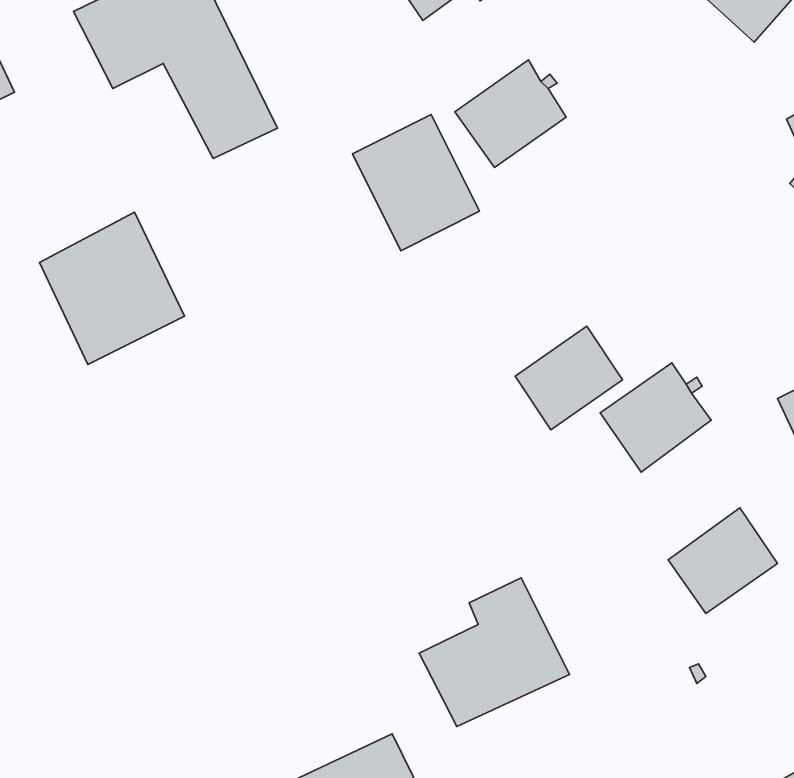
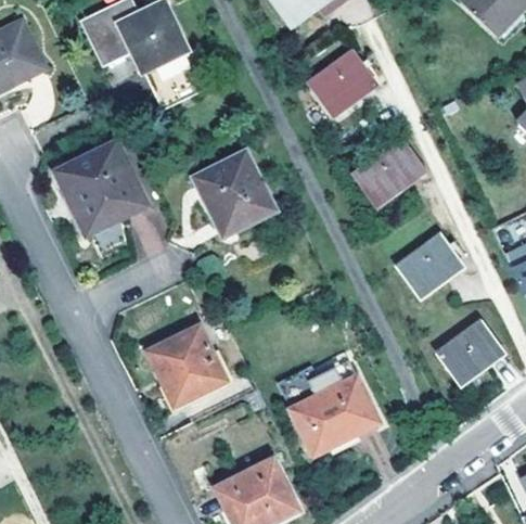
building: [352,115,480,251] -> [197,150,274,232]
building: [515,326,623,430] -> [357,141,422,204]
building: none -> [146,323,257,423]

